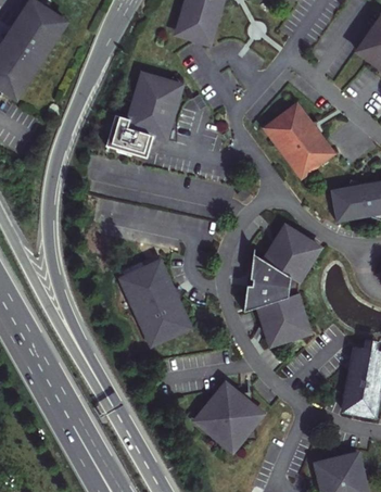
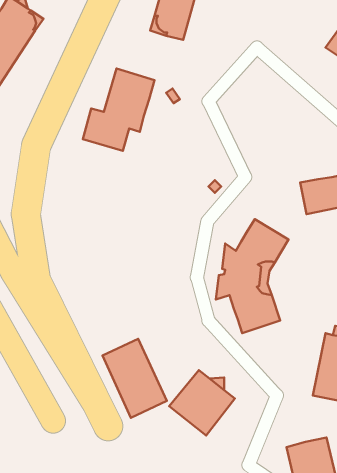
building: [265,104,333,177] -> none
building: [123,262,189,343] -> [102,339,167,418]

